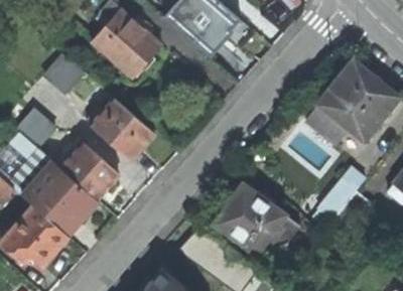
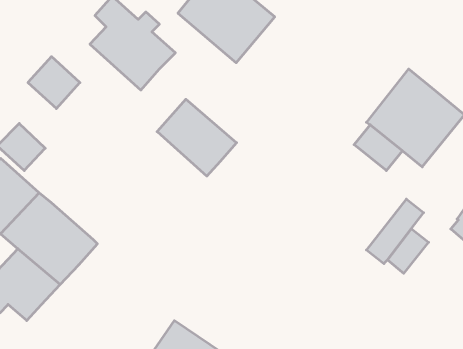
building: [89,98,153,160] -> [157,99,237,176]
building: [60,144,117,199] -> none
building: [213,184,297,270] -> none

